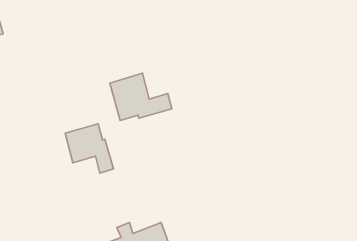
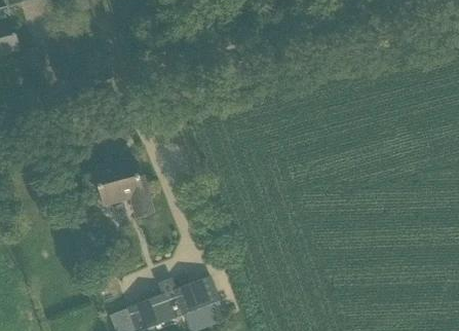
building: [110,73,172,120] -> none

